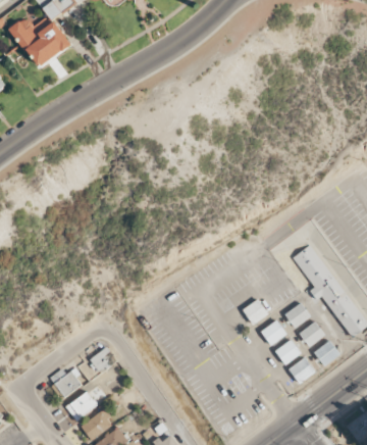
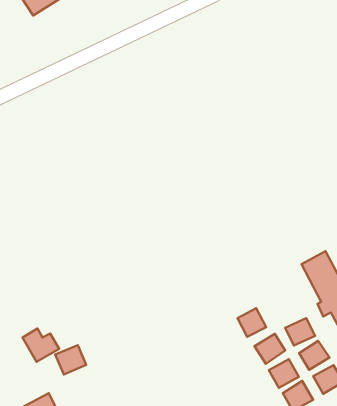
building: [50,368,83,397] -> [22,329,59,362]

